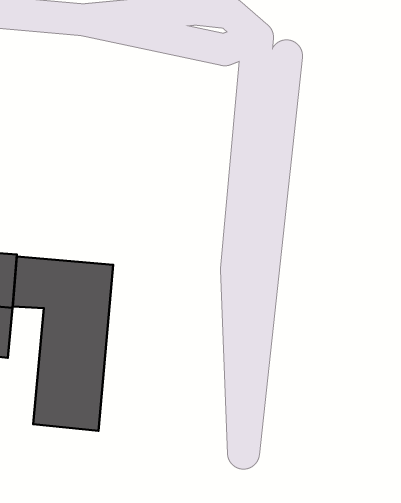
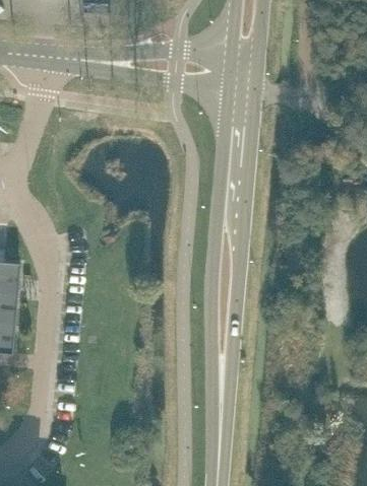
building: [13,257,113,431] -> none

